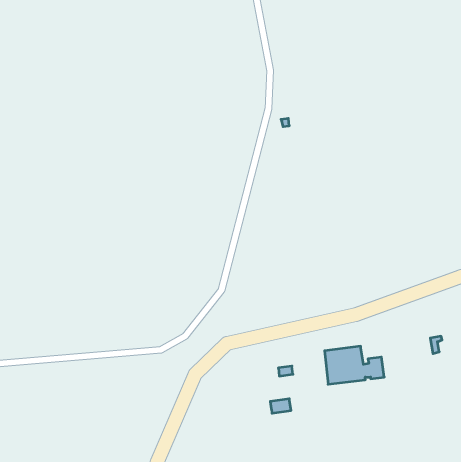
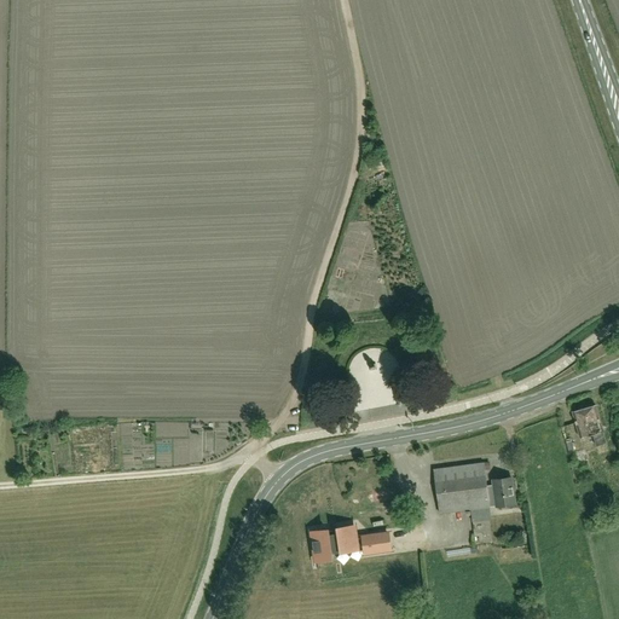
building: none -> [572,405,602,438]
building: none -> [311,527,363,560]

